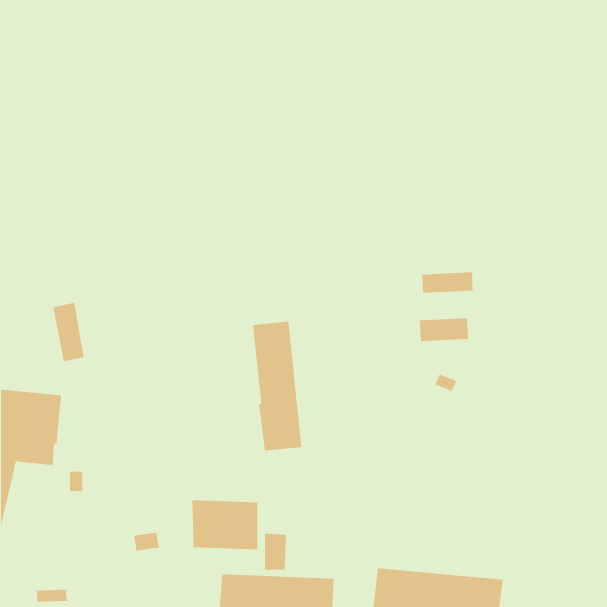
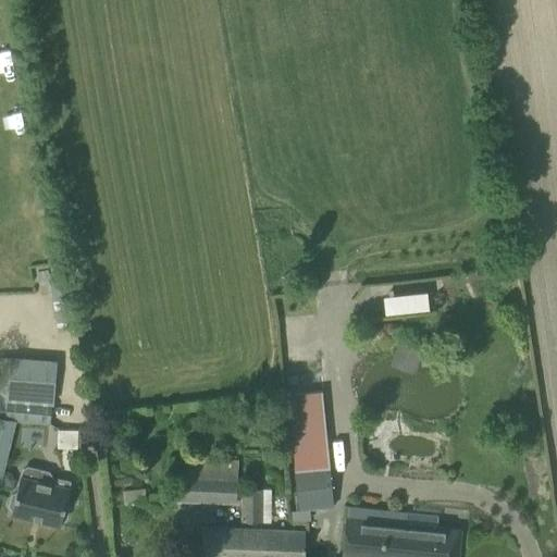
building: [422,272,473,294] -> none
building: [252,321,302,451] -> [288,393,334,511]
building: none -> [10,469,71,528]

